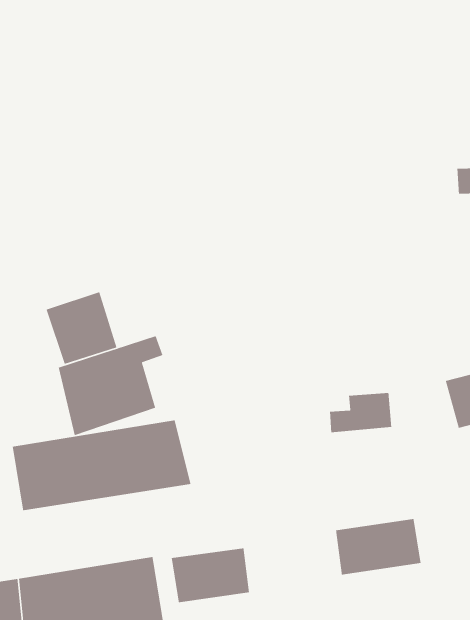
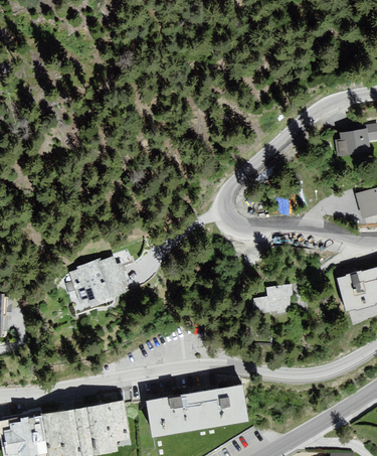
building: [45,291,118,365] -> none
building: [12,420,191,511] -> none
building: [335,518,422,575] -> [192,385,251,424]

